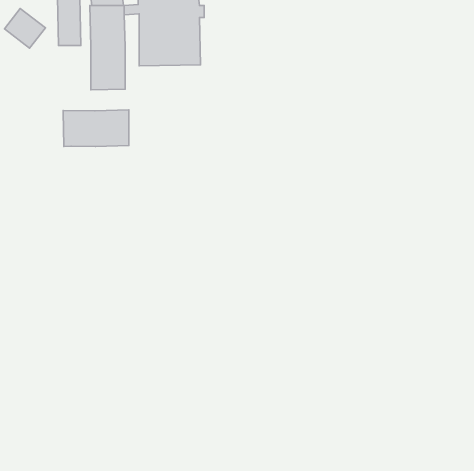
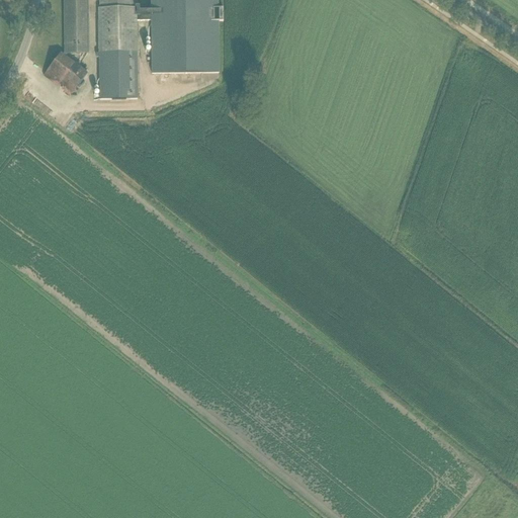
building: [5,8,45,48] -> [42,51,87,94]
building: [63,110,129,147] -> none

